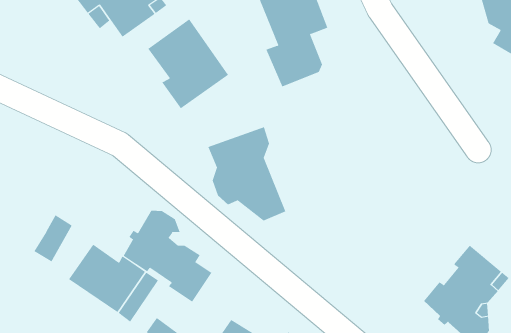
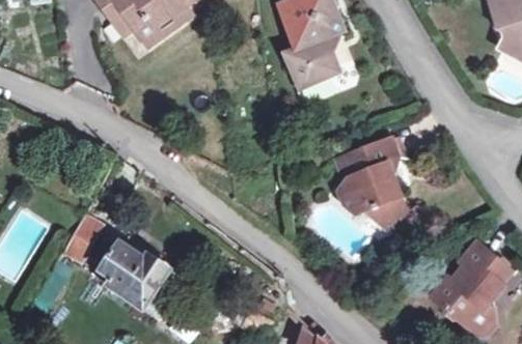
building: [147,18,229,109] -> none
building: [207,126,286,221] -> [334,140,410,231]
building: [123,210,212,303] -> none

